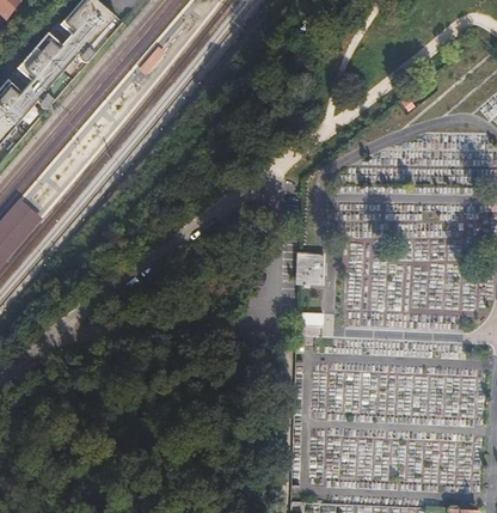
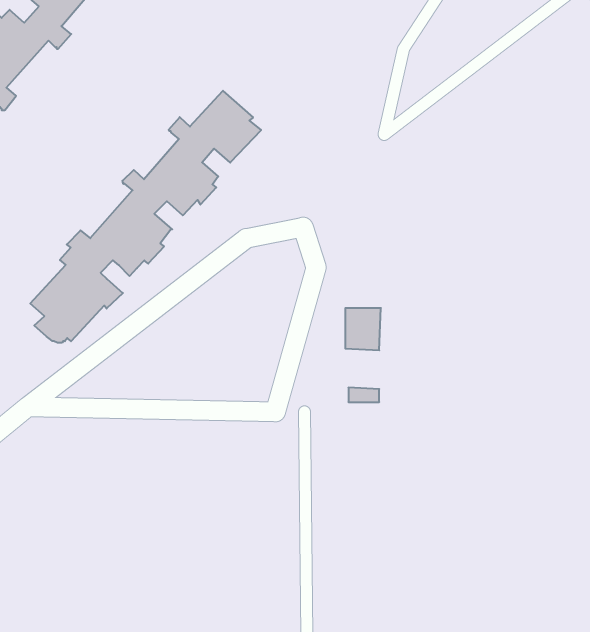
building: none -> [30,91,261,343]

